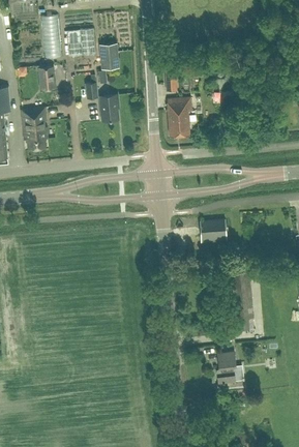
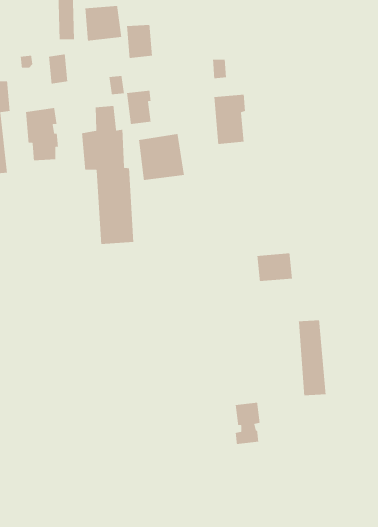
building: none -> [81,105,134,245]
building: none -> [138,133,185,181]
building: [216,352,236,385] -> [235,402,261,445]

